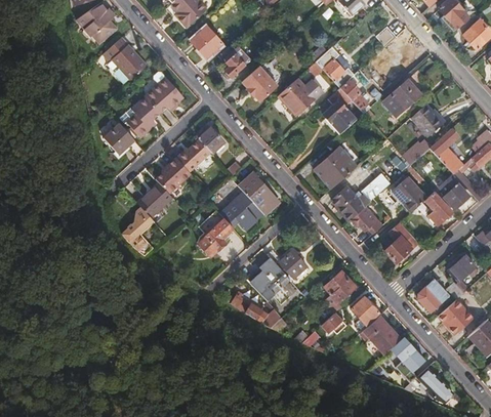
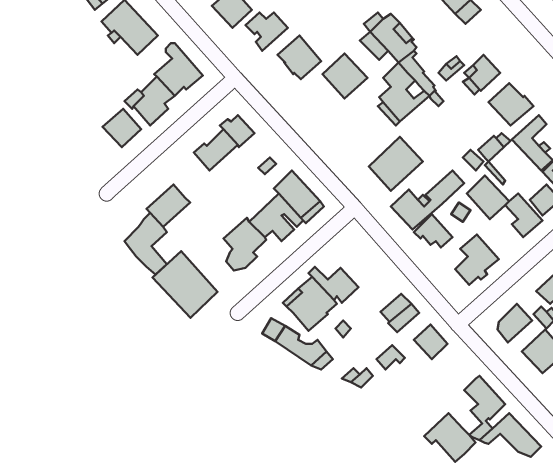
building: [157,157,191,194] -> none
building: none -> [152,251,218,318]
building: [360,315,401,353] -> [424,413,476,462]

